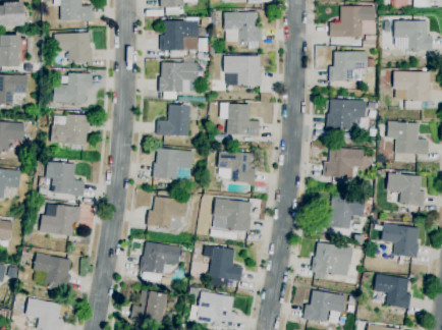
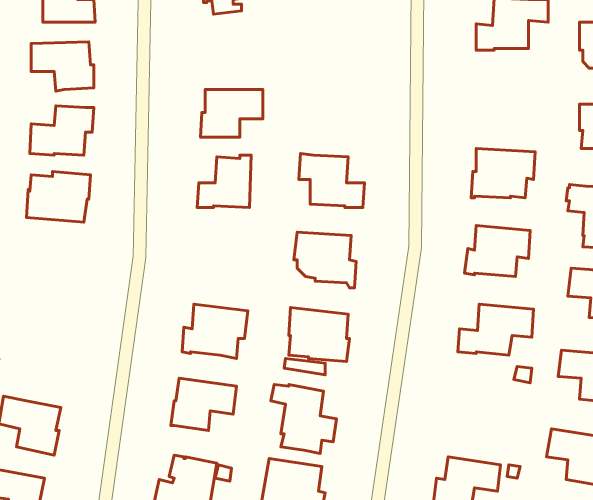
building: [225,11,263,49] -> none
building: [161,20,199,51] -> none
building: [330,51,368,81] -> none
building: [224,55,263,86] -> none
building: [153,148,194,180] -> none
building: [45,161,86,196] -> none
building: [40,204,81,235] -> none
building: [312,242,353,275] -> none

